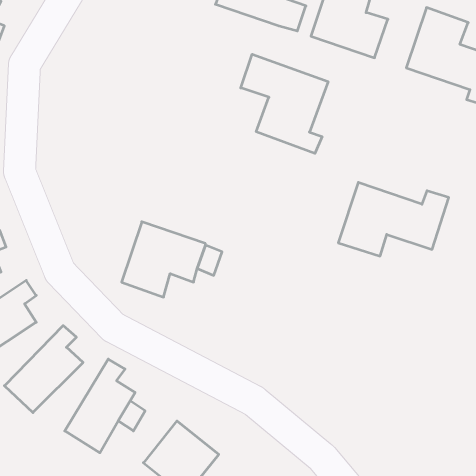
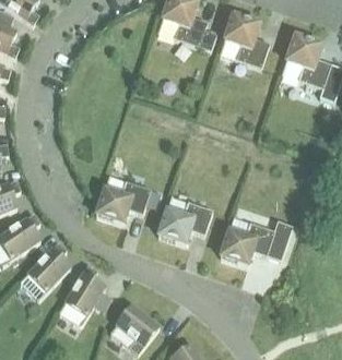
building: [241,54,328,153] -> none
building: [338,182,449,256] -> [221,217,293,265]
building: none -> [158,196,213,244]

